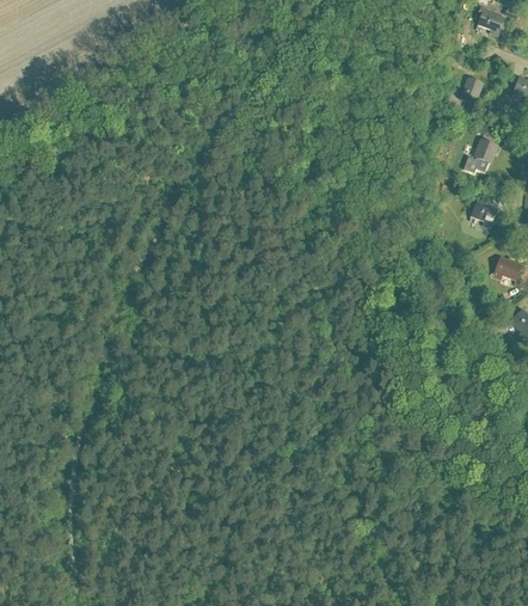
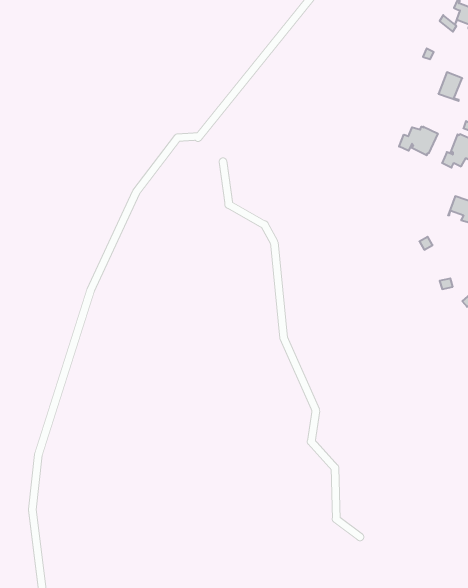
building: none -> [399,127,438,155]

